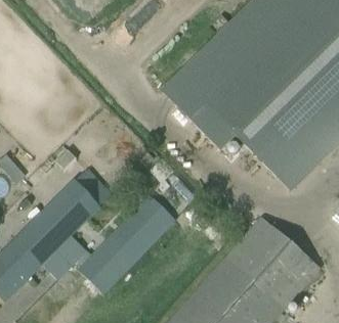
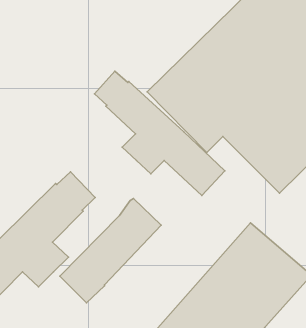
building: none -> [95,71,225,196]

